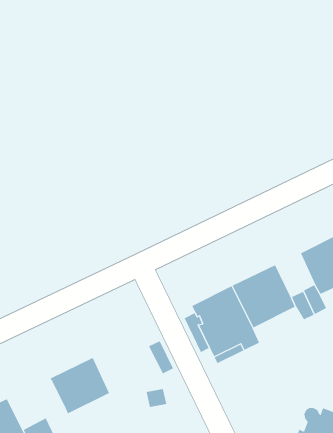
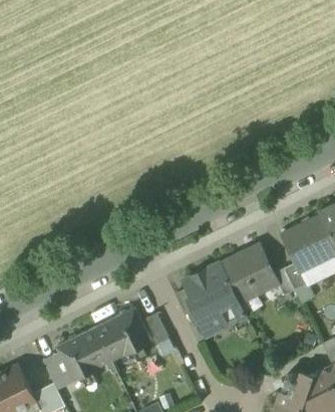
building: none -> [95,308,150,361]
building: none -> [41,351,70,383]

